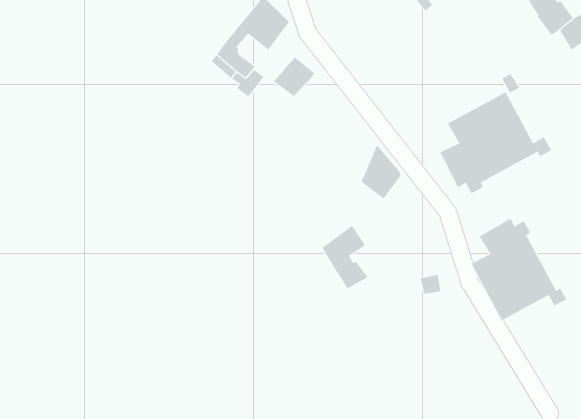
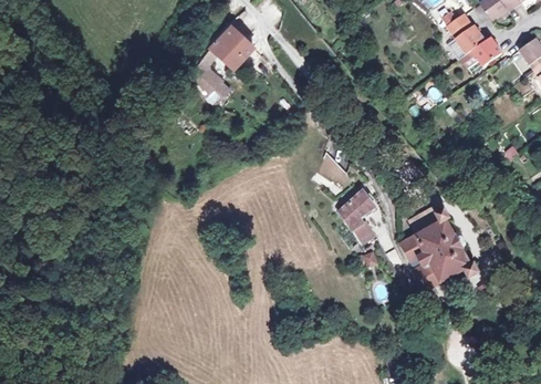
building: [273,56,315,97] -> none
building: [440,91,552,194] -> none
building: [322,225,368,289] -> [333,188,372,241]

